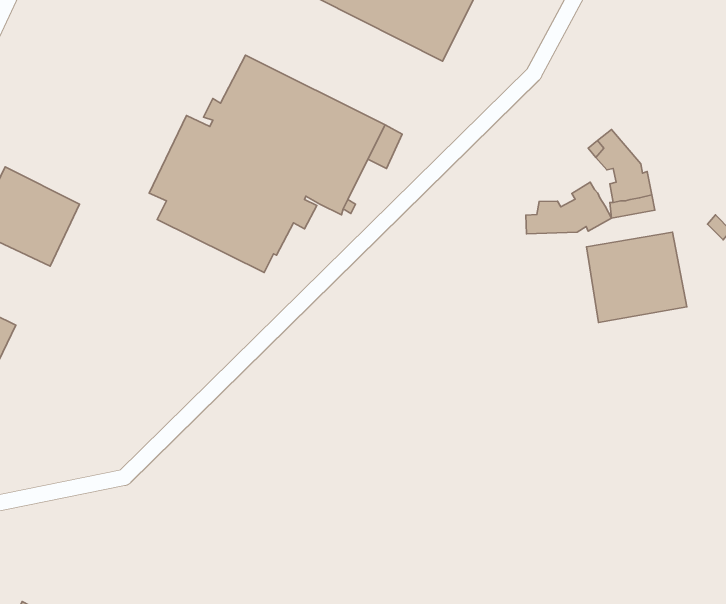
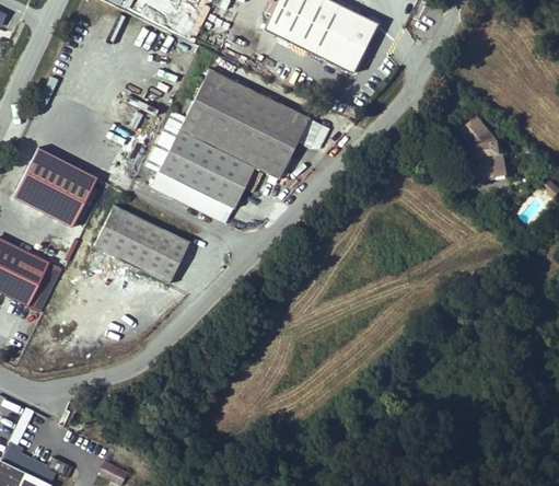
building: [526,182,611,234] -> none
building: [587,232,687,323] -> none
building: none -> [93,207,188,286]

